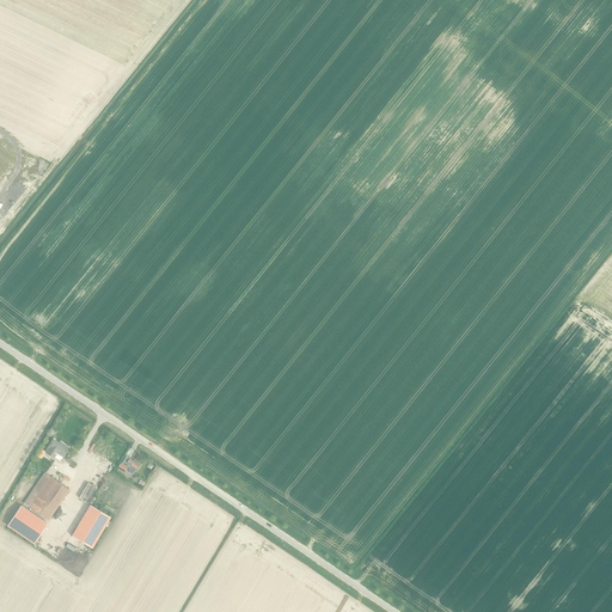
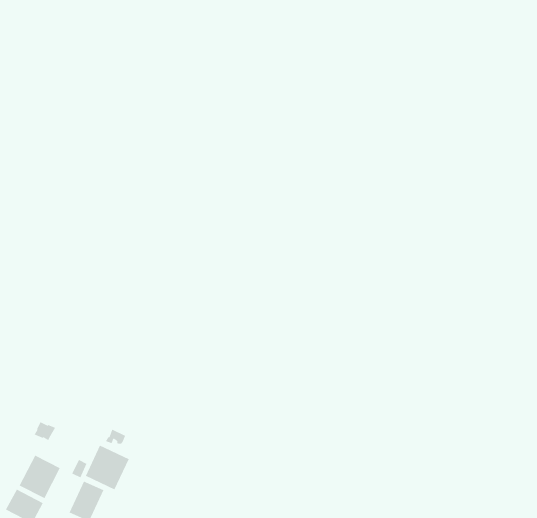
building: none -> [85,444,130,491]

